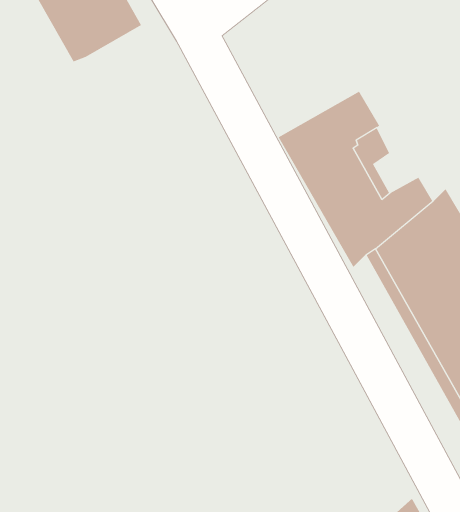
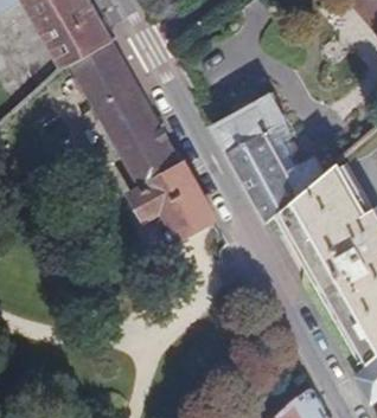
building: none -> [69,40,210,232]

